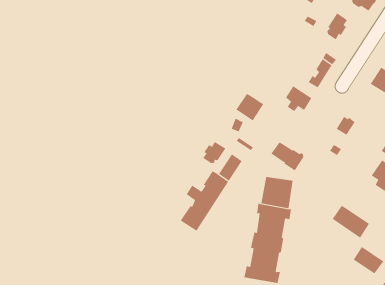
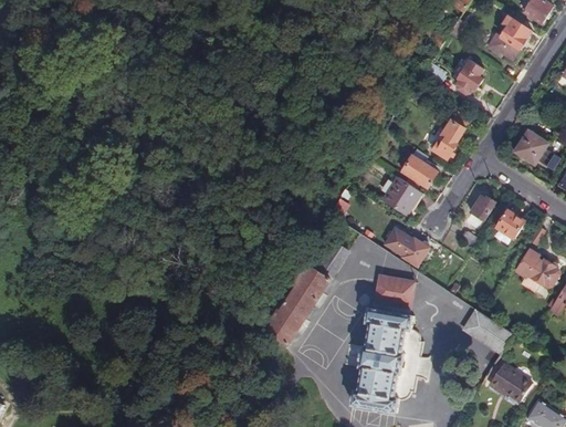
building: [235,93,264,121] -> [382,177,420,213]
building: none -> [494,209,523,238]
building: [203,141,226,164] -> none

